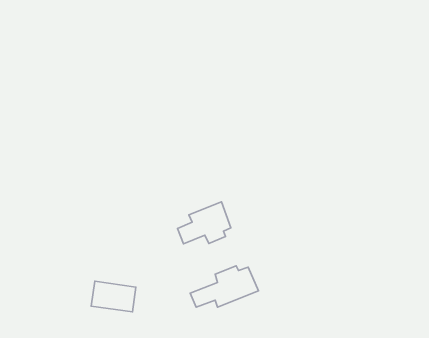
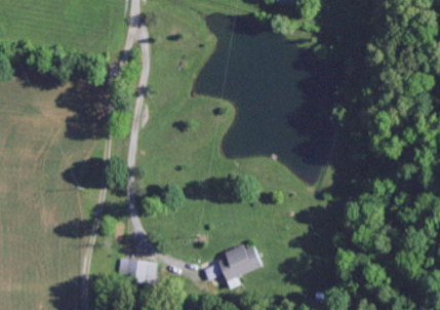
building: [177,202,231,244] -> none

